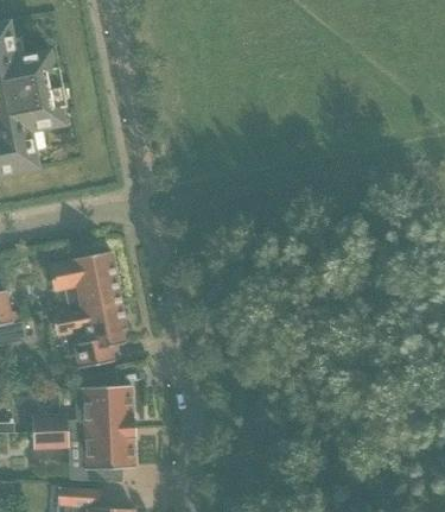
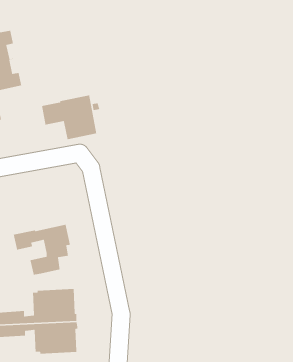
building: [47,251,120,310] -> [41,94,97,140]

